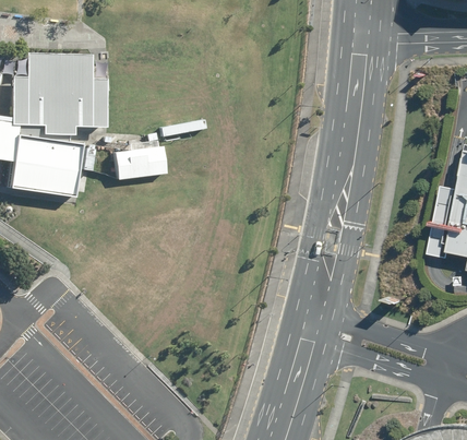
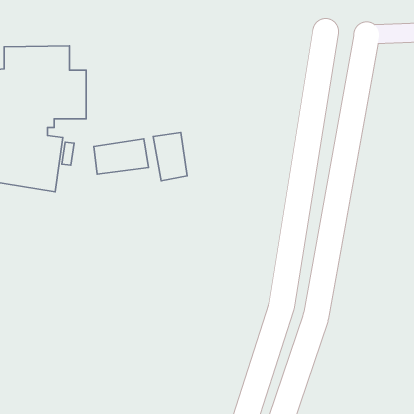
building: none -> [153,132,187,181]

